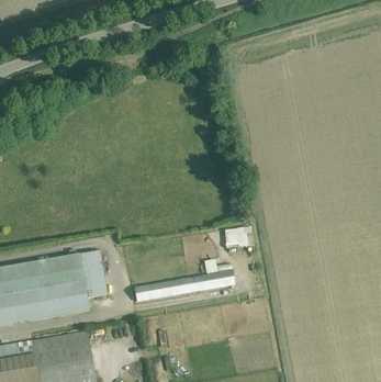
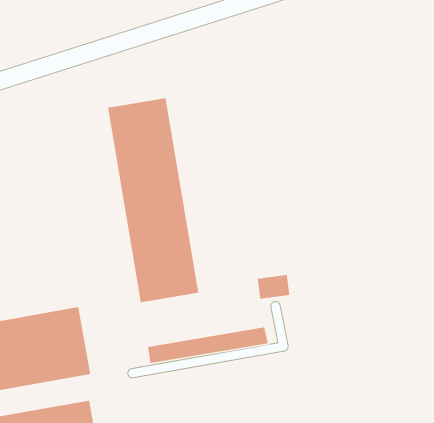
building: none -> [107,97,199,303]
building: [79,250,107,297] -> none

